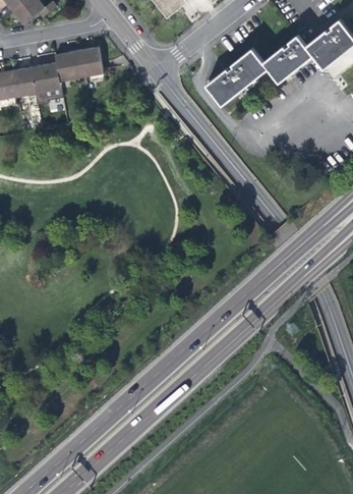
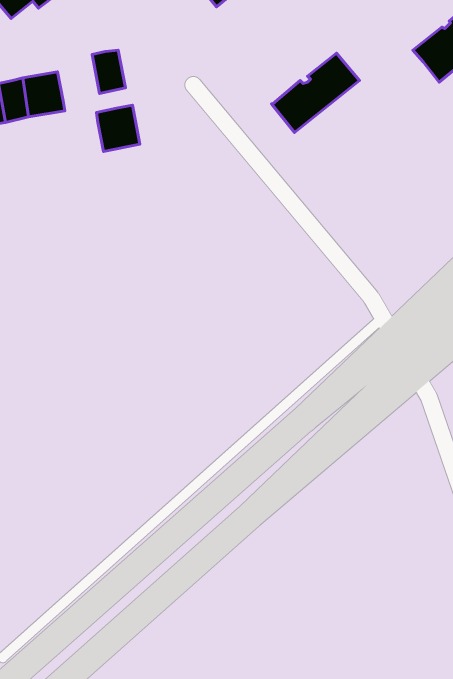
building: [261,35,311,81] -> none
building: [53,49,83,81] -> [96,105,140,152]

